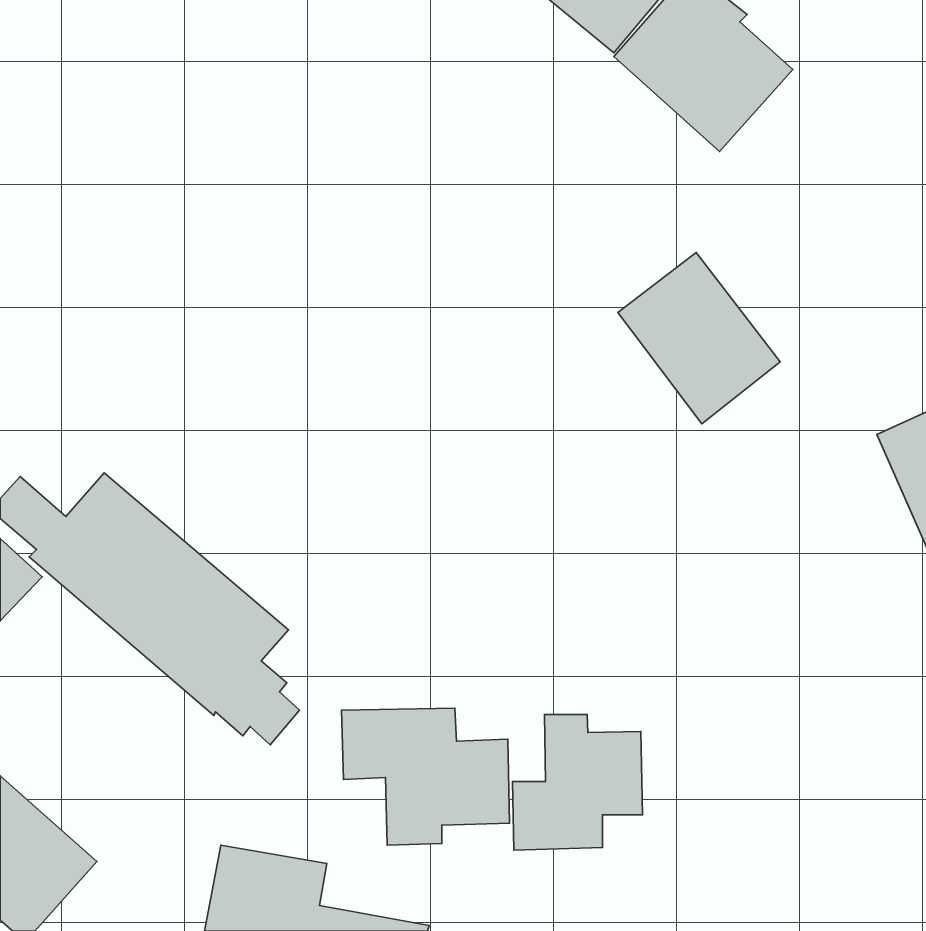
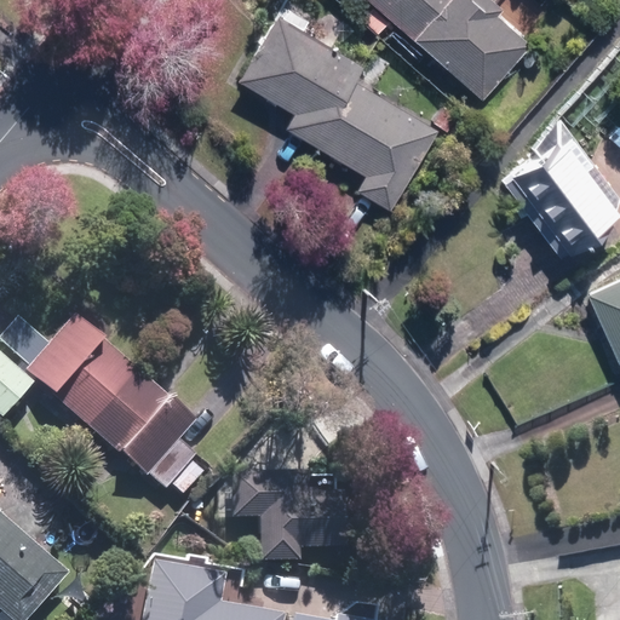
building: none -> [237,15,440,209]
building: [618,252,780,424] -> [504,138,612,252]
building: [513,714,642,850] -> none

